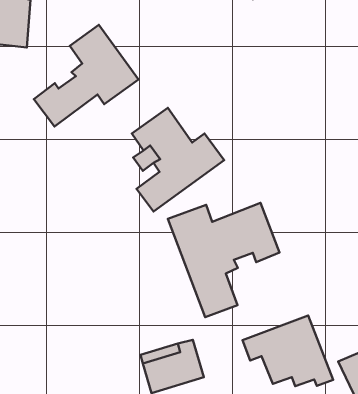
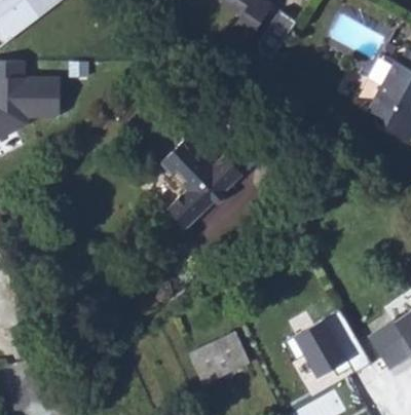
building: [34,25,138,126] -> none
building: [168,203,280,317] -> none

